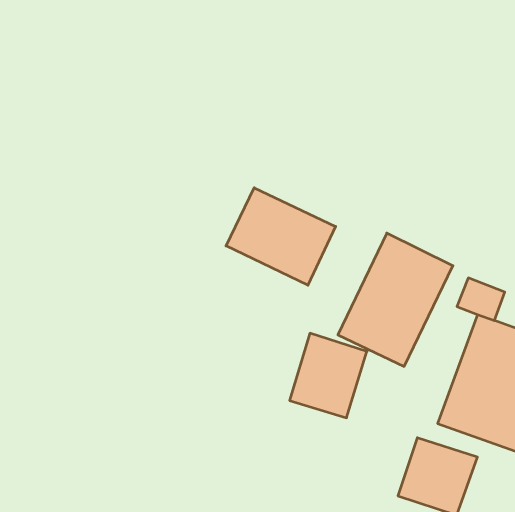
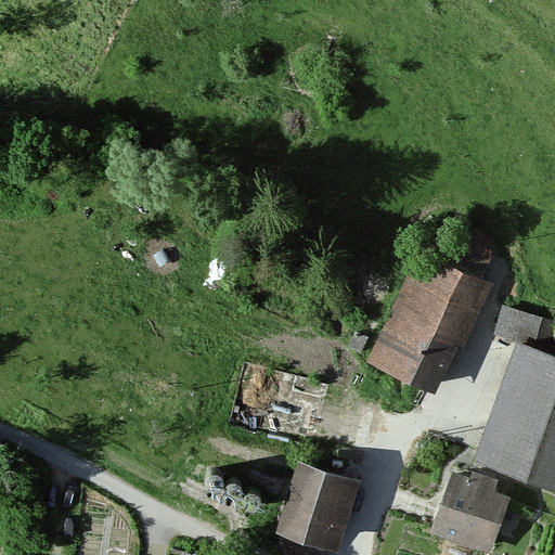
building: [226,188,336,285] -> none
building: [290,333,367,418] -> [275,460,358,550]

